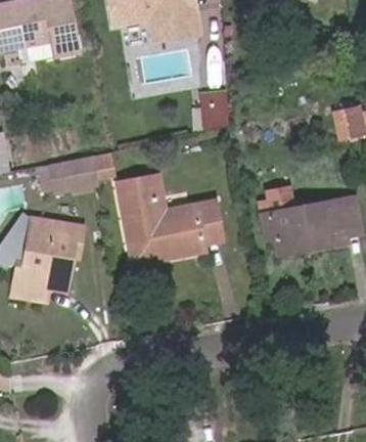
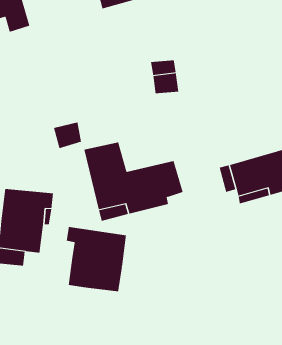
building: [55,158,96,192] -> none
building: none -> [66,226,126,292]

